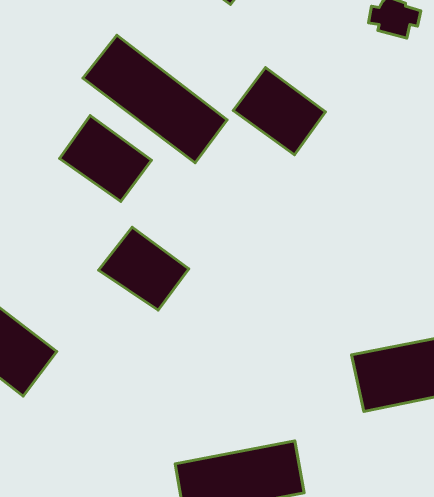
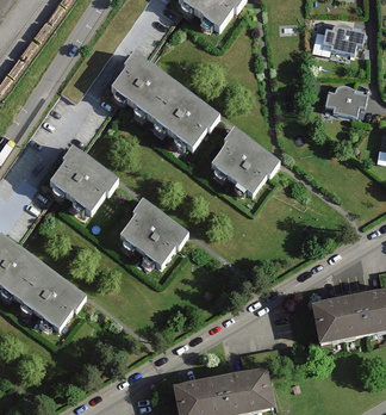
building: [233,67,325,155] -> [206,126,278,194]
building: none -> [329,85,369,116]
building: [59,116,152,202] -> [45,147,117,213]

